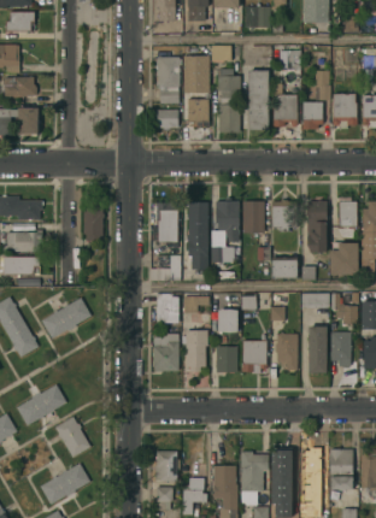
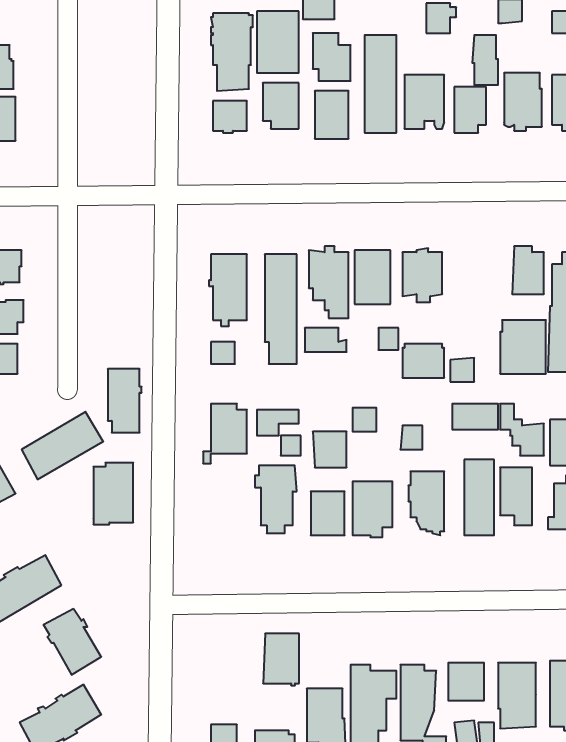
building: [306,200,325,252] -> none
building: [83,202,104,241] -> [108,369,142,433]
building: [153,334,177,371] -> [93,463,133,524]
building: [154,451,176,482] -> [263,634,299,685]

